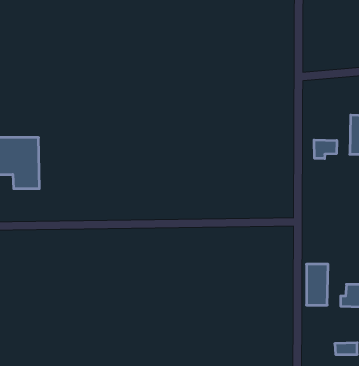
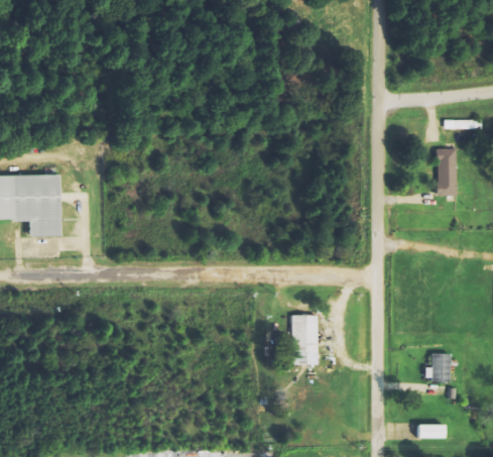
building: [314,140,337,159] -> none
building: [306,264,328,305] -> [292,315,319,364]

